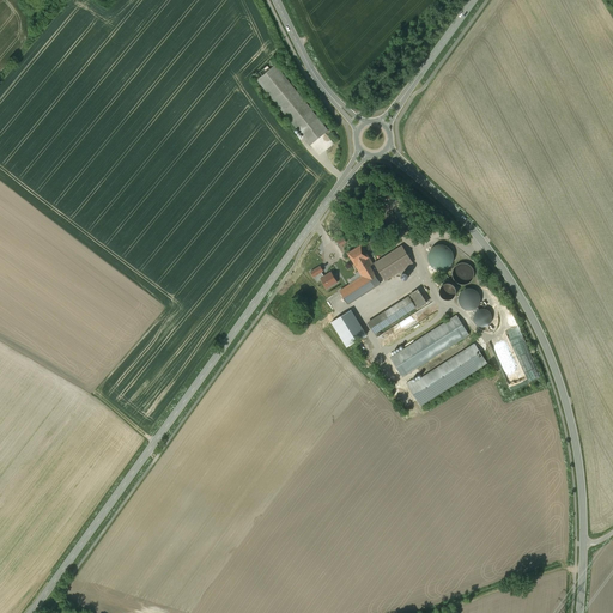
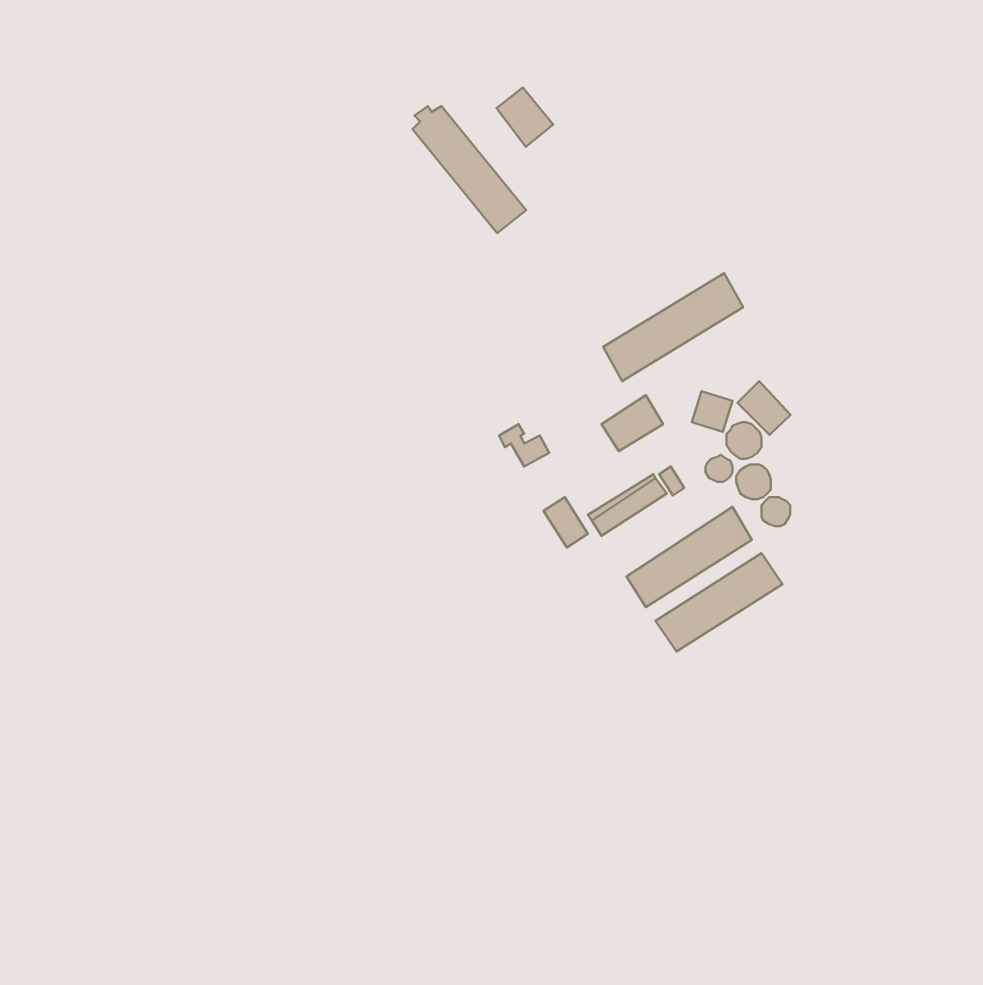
building: none -> [496,87,553,147]
building: none -> [603,273,743,381]
building: none -> [738,381,791,435]
building: [339,244,380,304] -> none

